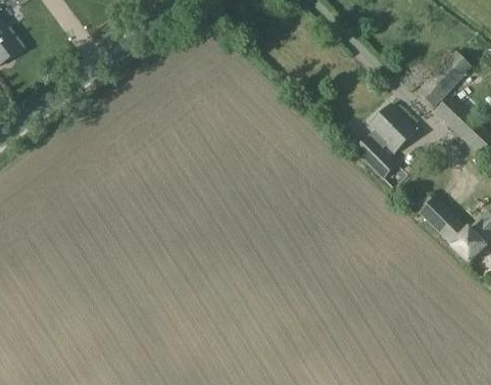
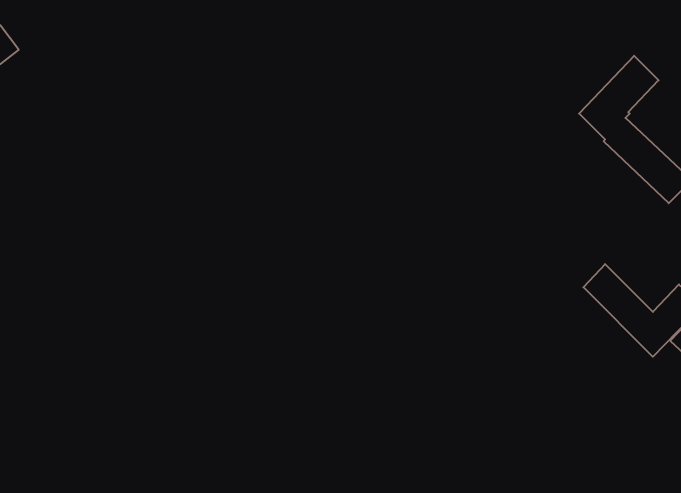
building: [352,103,416,179] -> none

